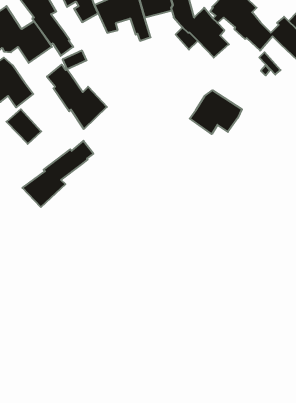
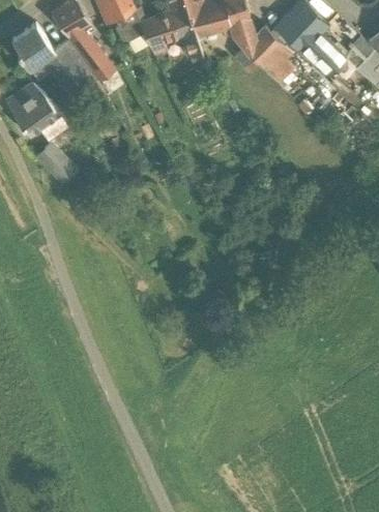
building: [47,65,107,129] -> none
building: [190,90,242,134] -> none
building: [22,141,93,207] -> none

